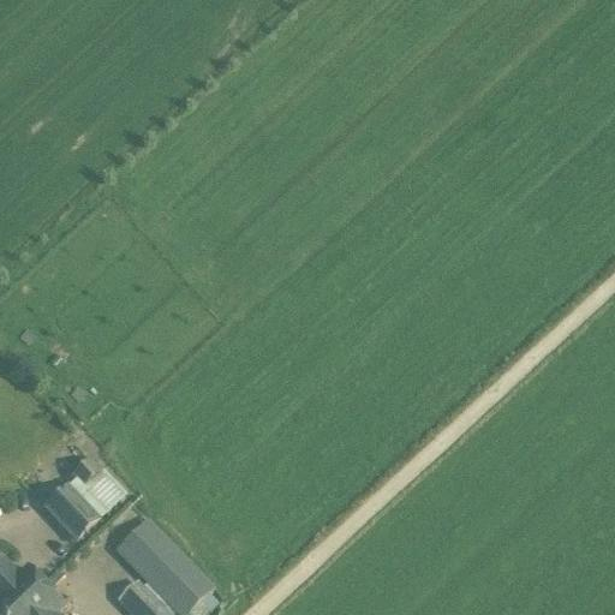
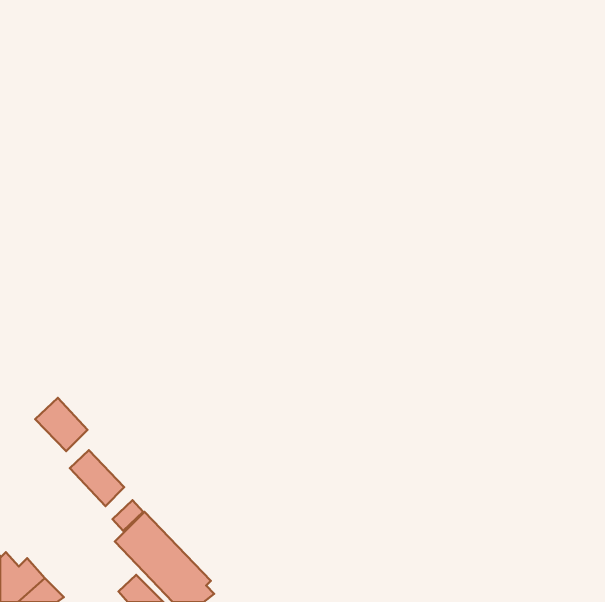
building: [46,485,98,539] -> [35,398,87,451]

